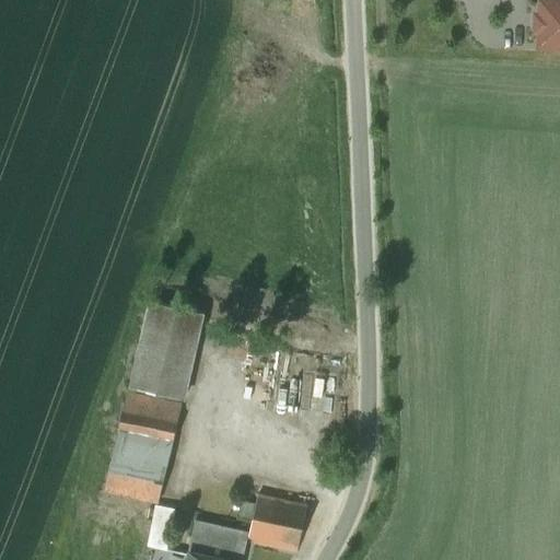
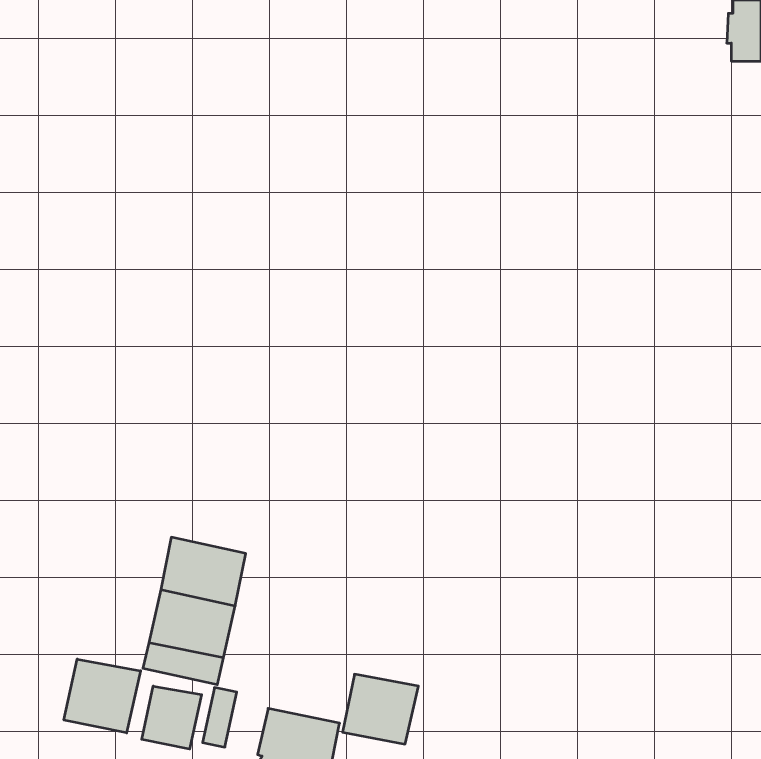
building: [131,303,201,399] -> none
building: none -> [64,659,141,733]
building: none -> [142,686,202,749]

